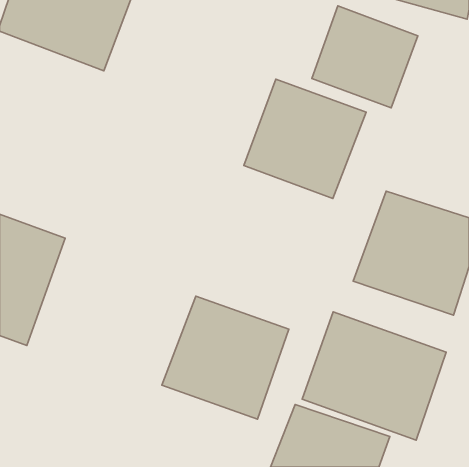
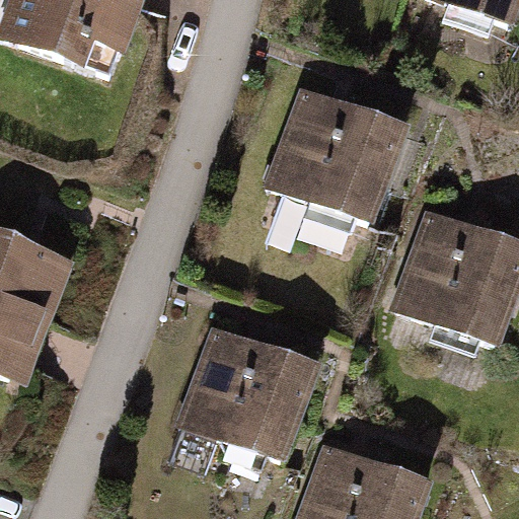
building: [312,6,418,108] -> none
building: [302,312,446,440] -> none

